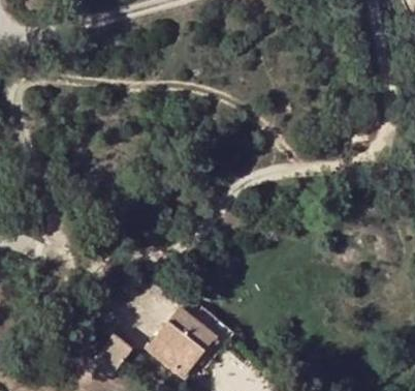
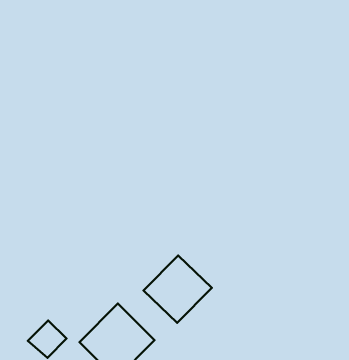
building: none -> [144,255,212,323]

